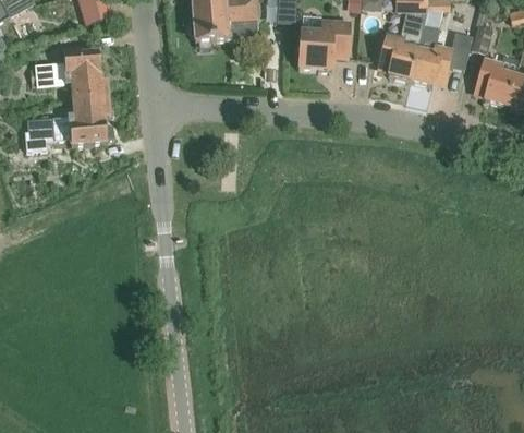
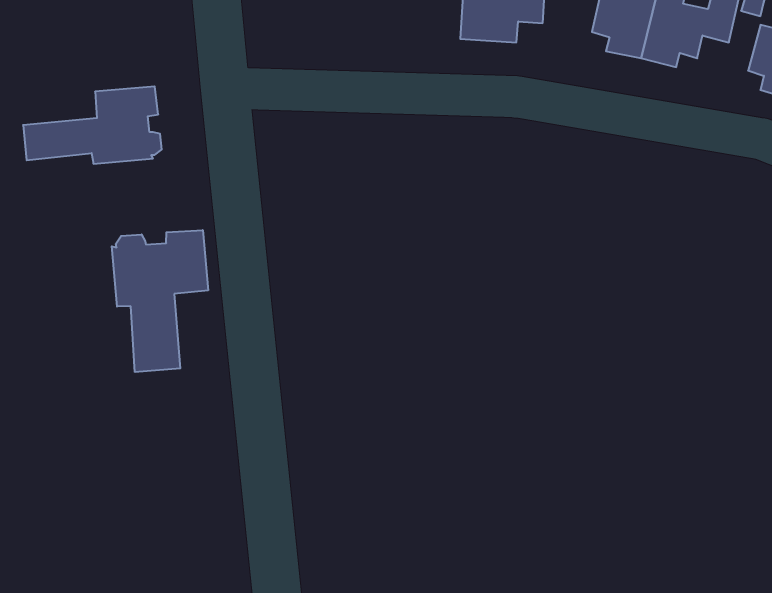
building: [31,48,108,100] -> none
building: none -> [112,230,208,372]

